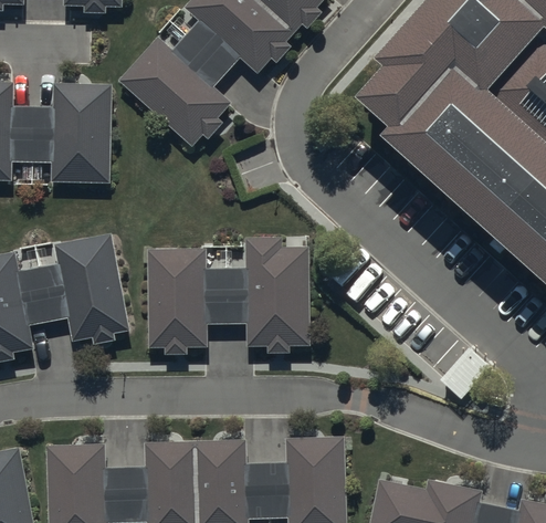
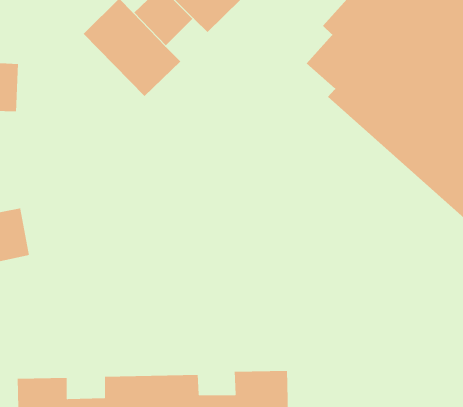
building: [48,80,108,178] -> none
building: [48,227,123,332] -> none
building: [149,240,312,357] -> none

